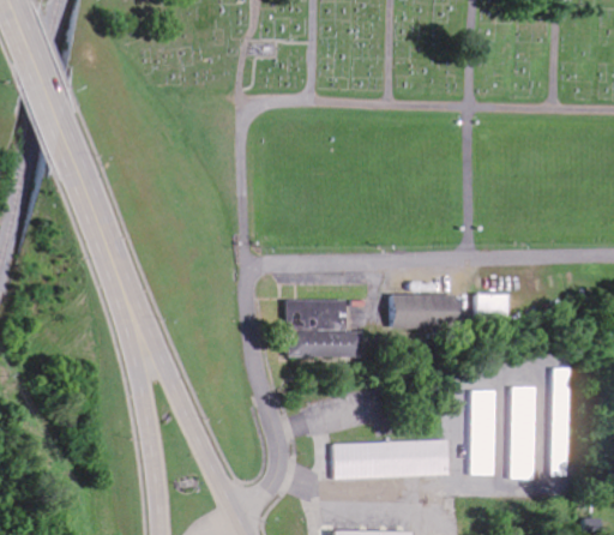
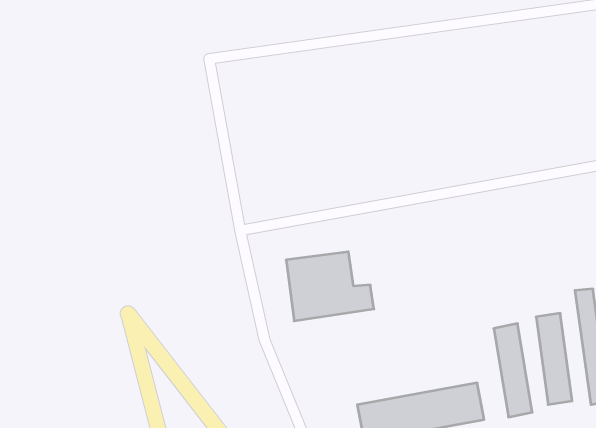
building: [390,294,462,329] -> none
building: [476,294,507,318] -> none

